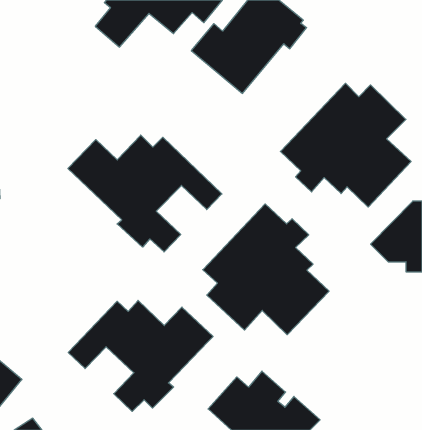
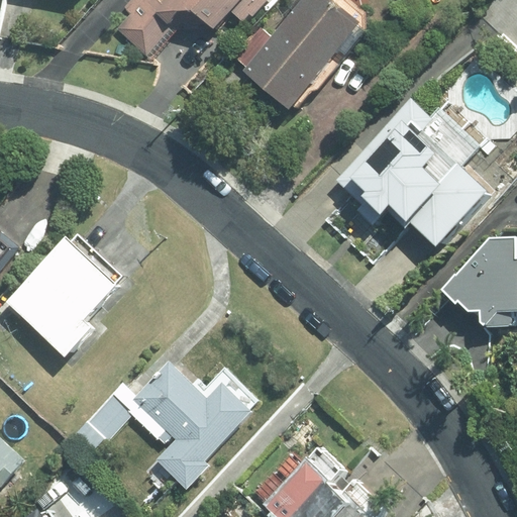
building: [68,135,222,252] -> none
building: none -> [6,231,123,356]
building: [203,204,329,335] -> none

